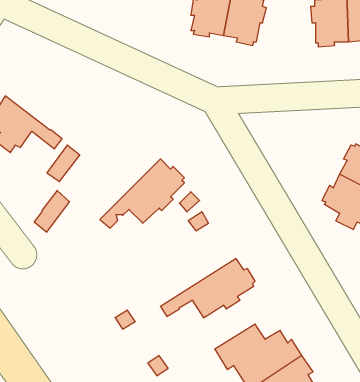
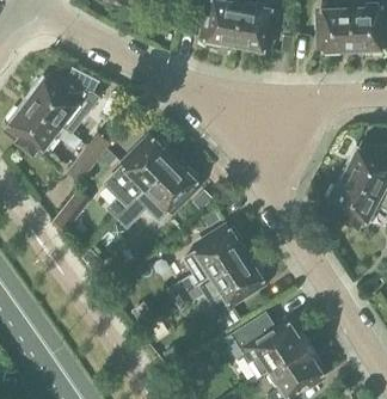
building: none -> [27,66,99,131]
building: none -> [105,136,174,216]
building: none -> [168,226,246,299]

